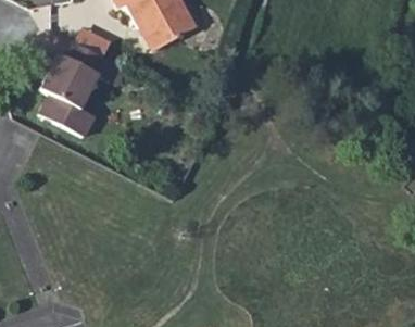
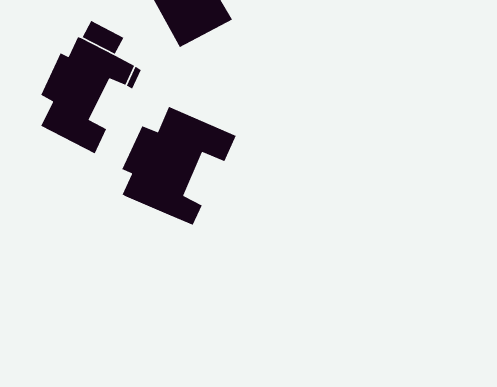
building: none -> [121,106,237,226]

